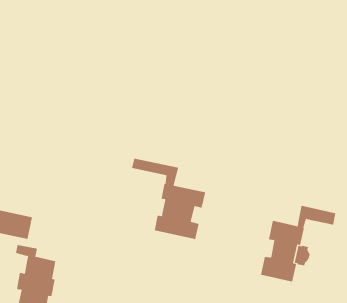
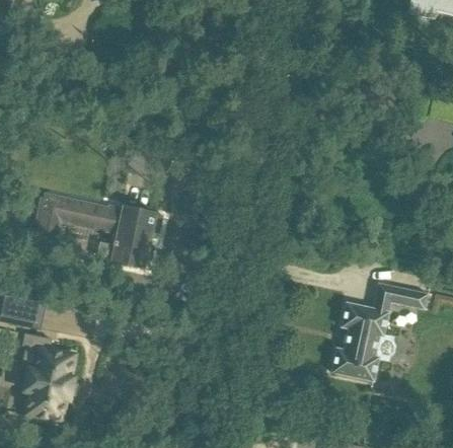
building: none -> [37,195,163,267]
building: [132,158,206,240] -> none

